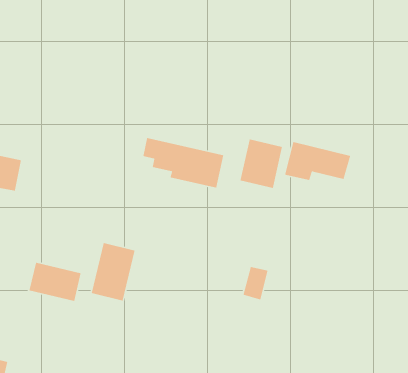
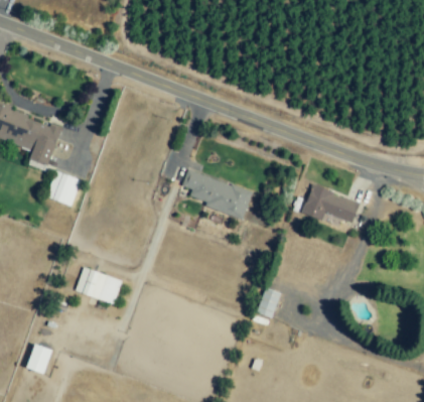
building: [240,139,283,189] -> none
building: [91,242,135,302] -> none

